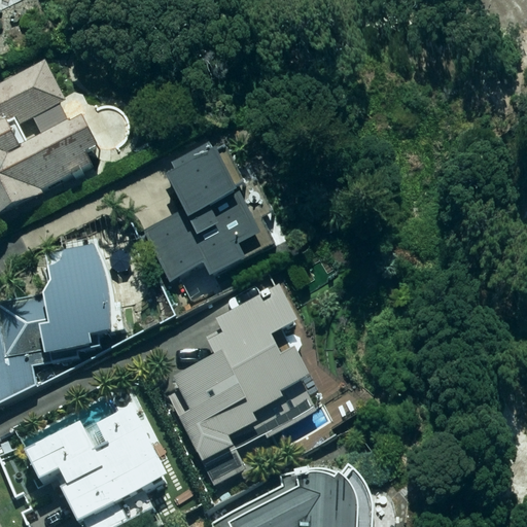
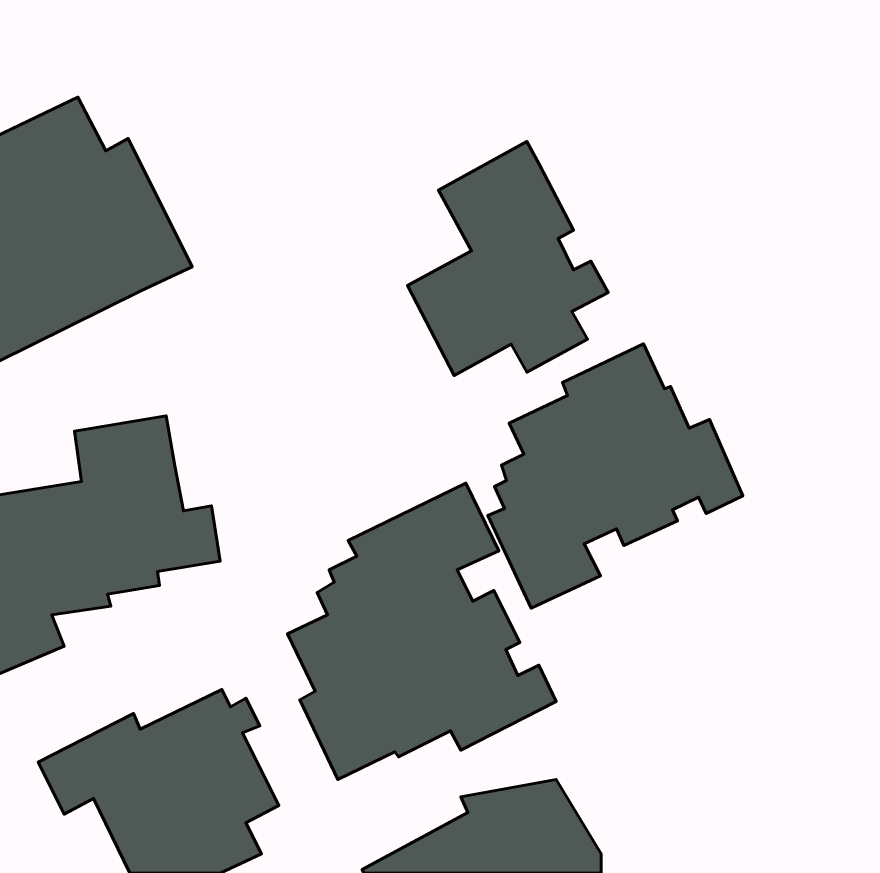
building: [140,142,259,281] -> [407,142,608,376]
building: none -> [488,344,743,608]

